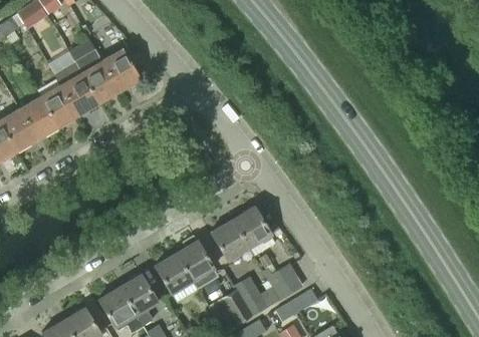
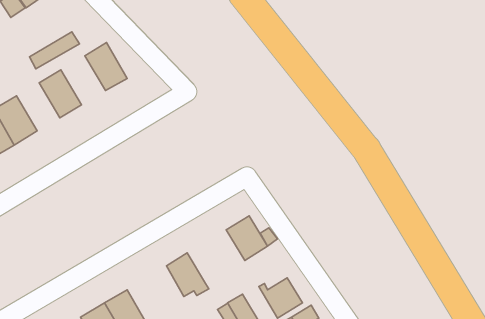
building: [74,50,121,104] -> none
building: [38,84,78,128] -> none
building: [210,220,249,261] -> none
building: [154,253,193,294] -> none

